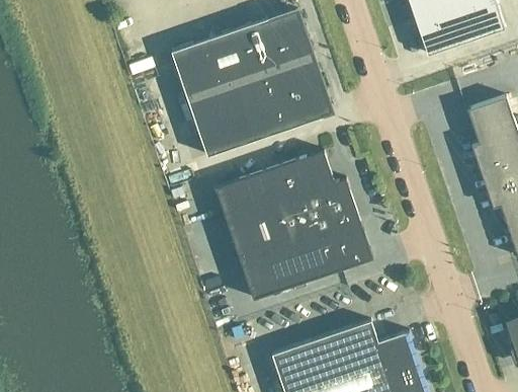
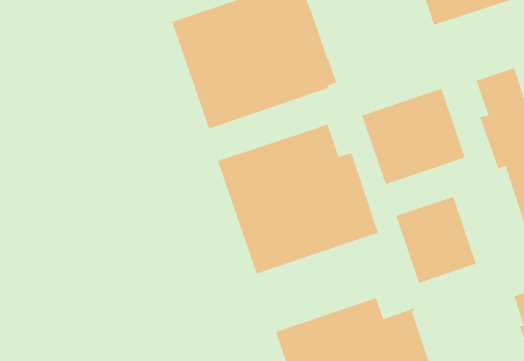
building: none -> [361,88,466,185]
building: none -> [395,196,477,284]

